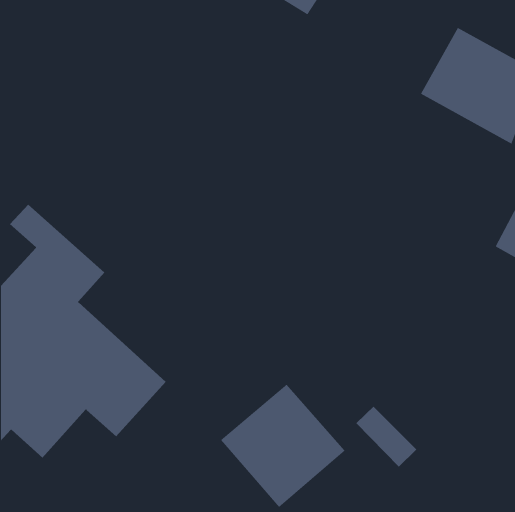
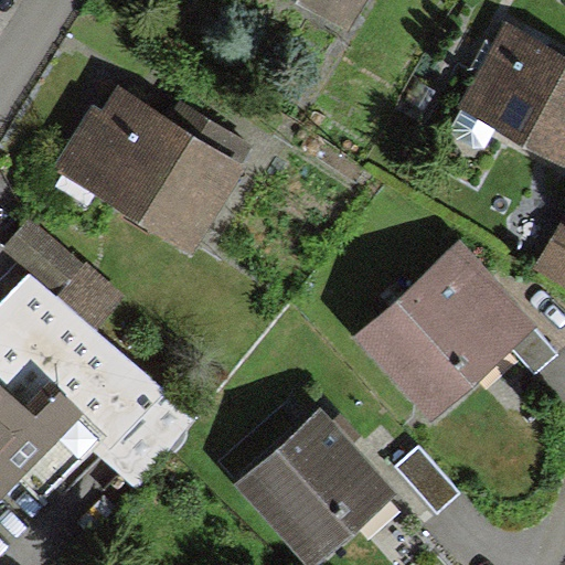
building: none -> [67,94,227,237]
building: none -> [365,254,519,403]

